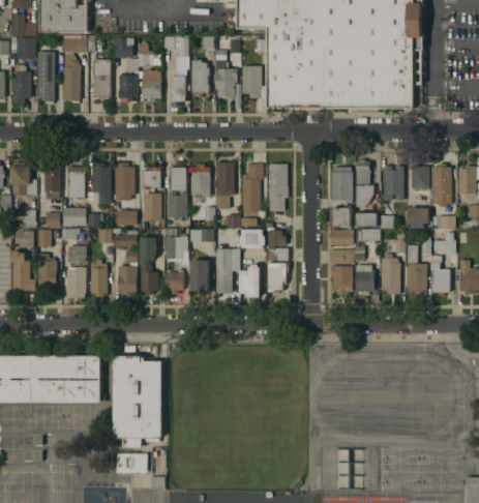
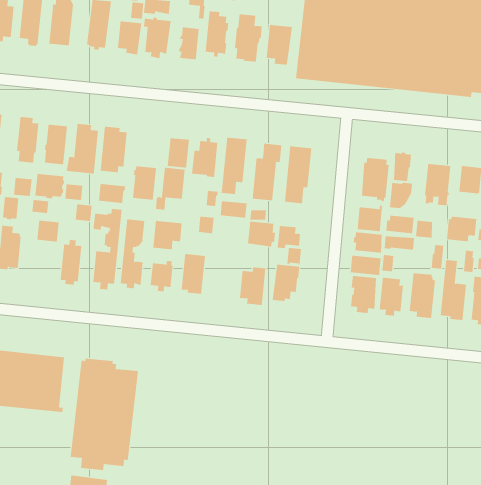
building: [143,167,162,190] -> none
building: [215,248,239,293] -> none
building: [67,267,86,297] -> none

